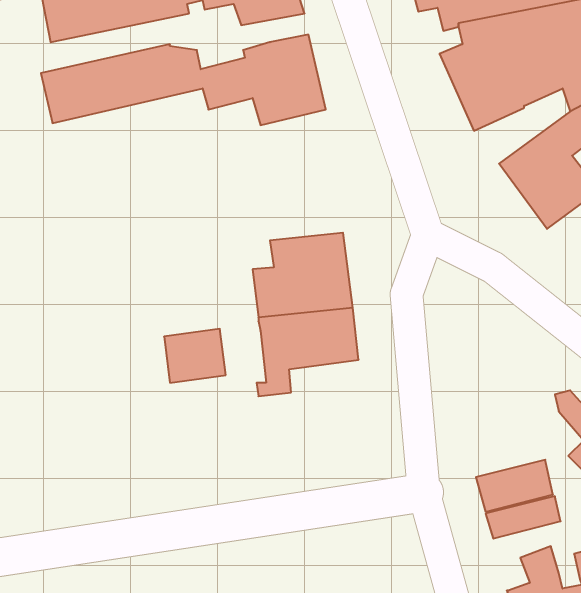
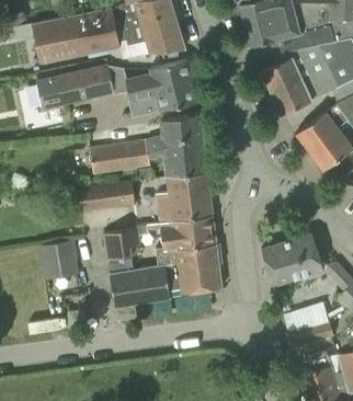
building: none -> [91,114,207,177]
building: none -> [76,182,137,209]
building: none -> [261,234,323,287]
building: none -> [44,238,79,275]
building: none -> [111,245,221,306]

